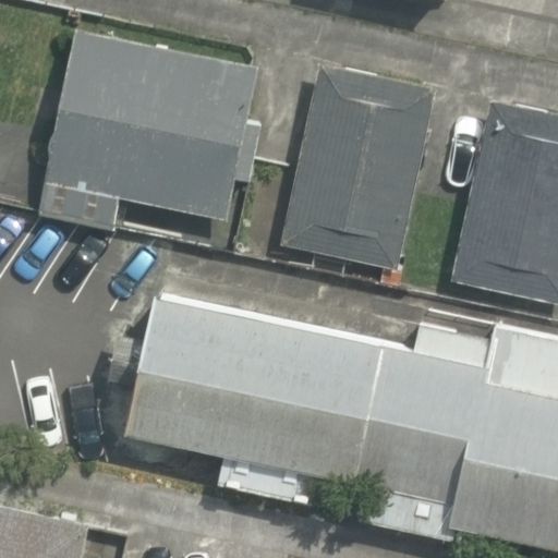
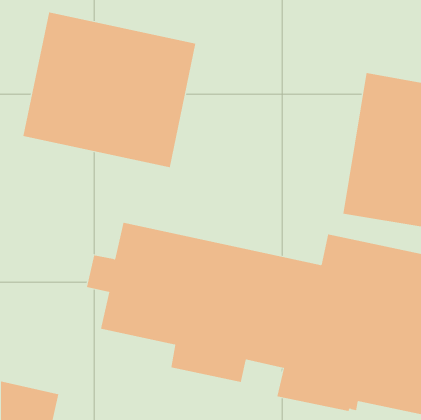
building: [287,64,428,278] -> none

